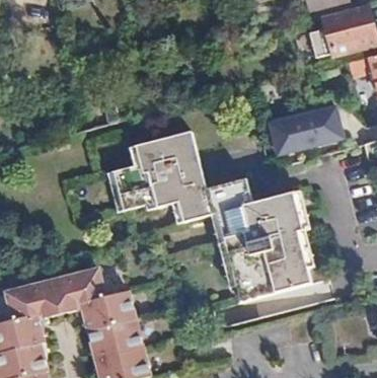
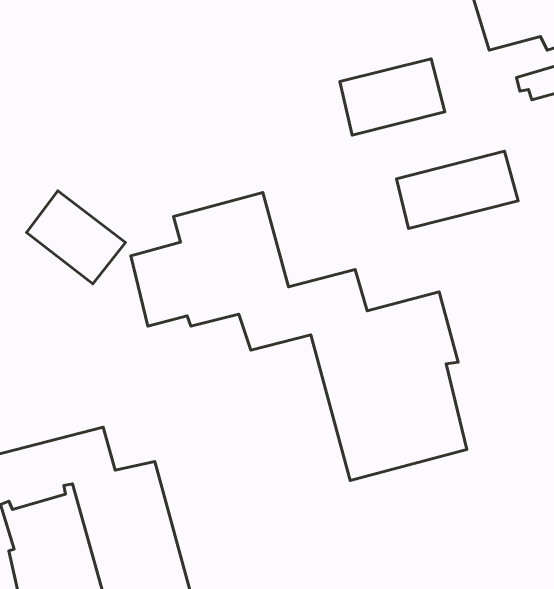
building: none -> [340,59,445,135]
building: none -> [26,191,125,284]

